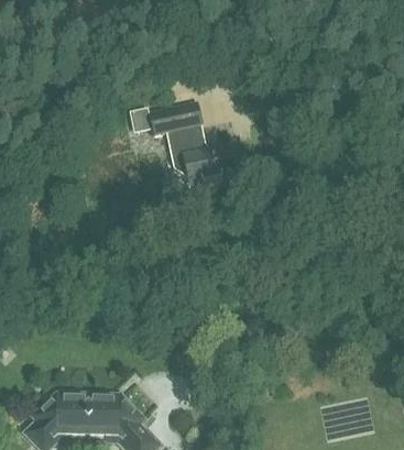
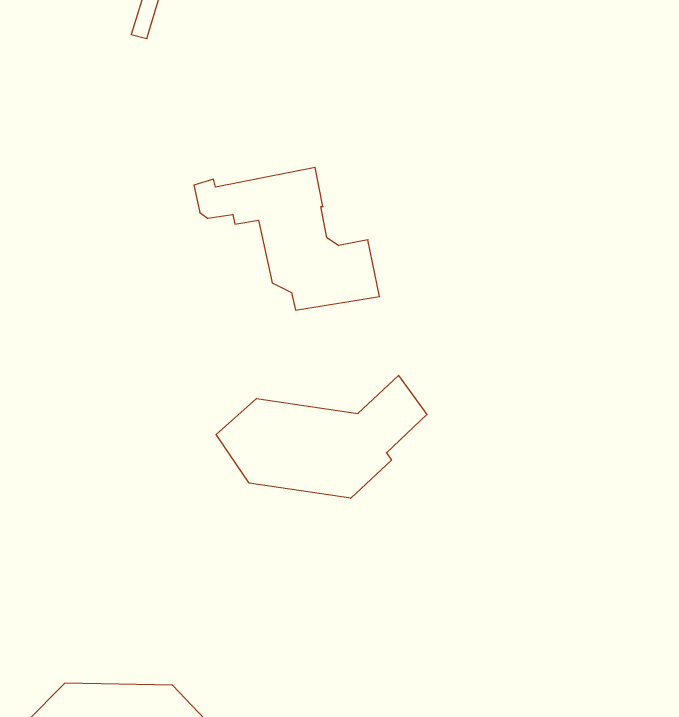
building: none -> [216,375,427,498]

